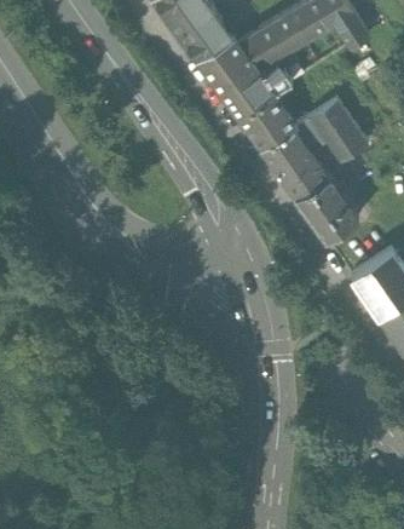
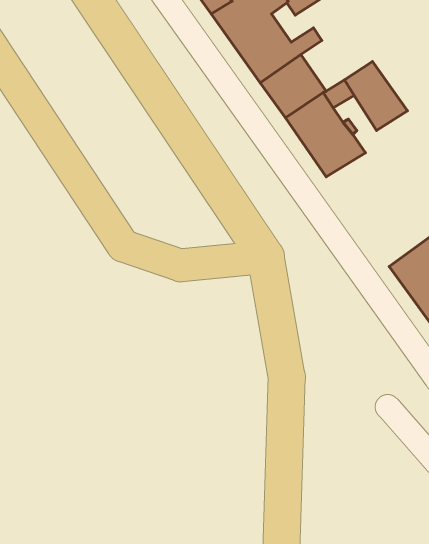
building: [296,184,359,246] -> none

